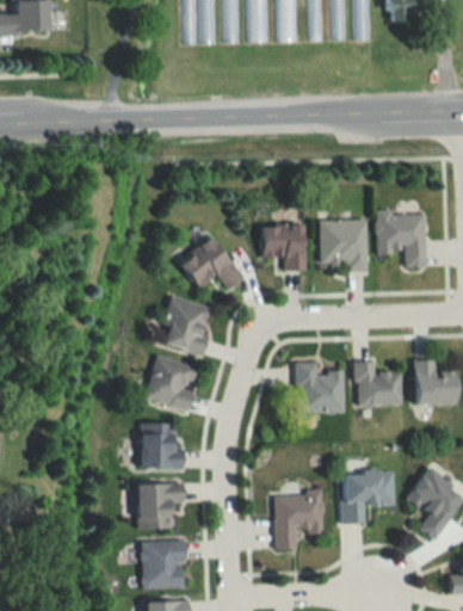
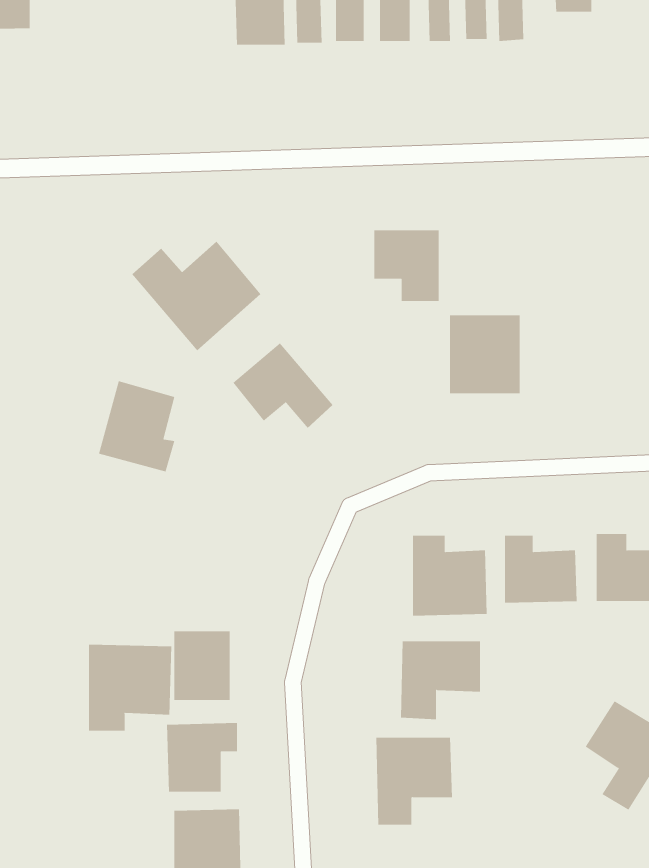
building: none -> [131,241,261,351]
building: [377,211,427,267] -> none
building: [263,224,305,271] -> [373,230,440,301]
building: [160,296,210,356] -> [98,380,175,472]
building: [144,356,200,412] -> none
building: none -> [88,644,172,731]
building: [342,473,395,524] -> [400,641,481,720]

